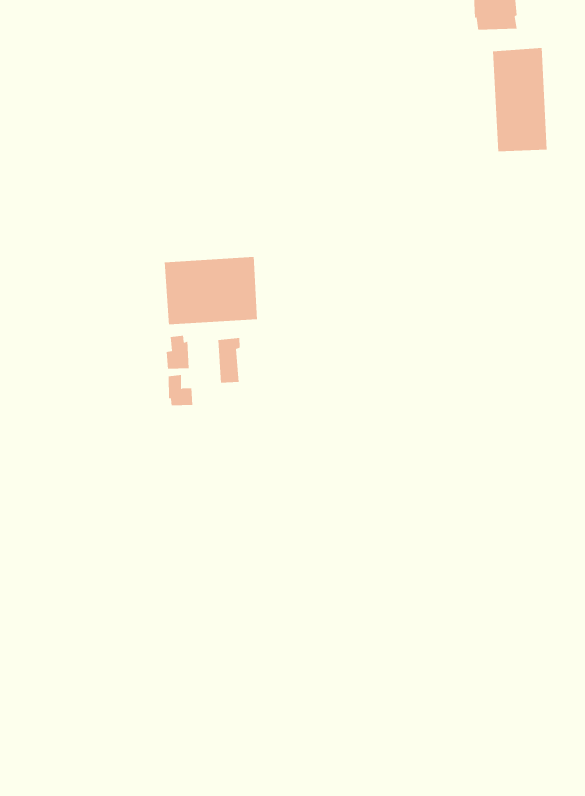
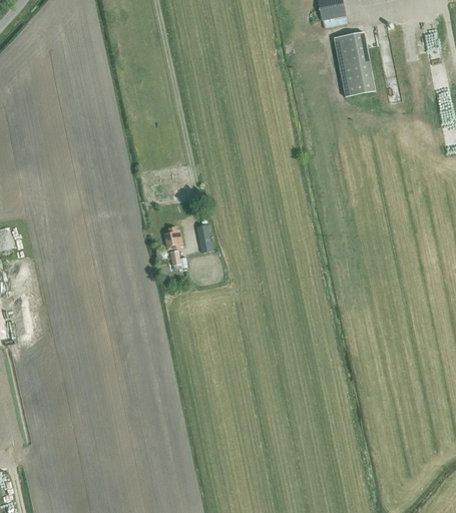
building: [164,256,257,325] -> none

